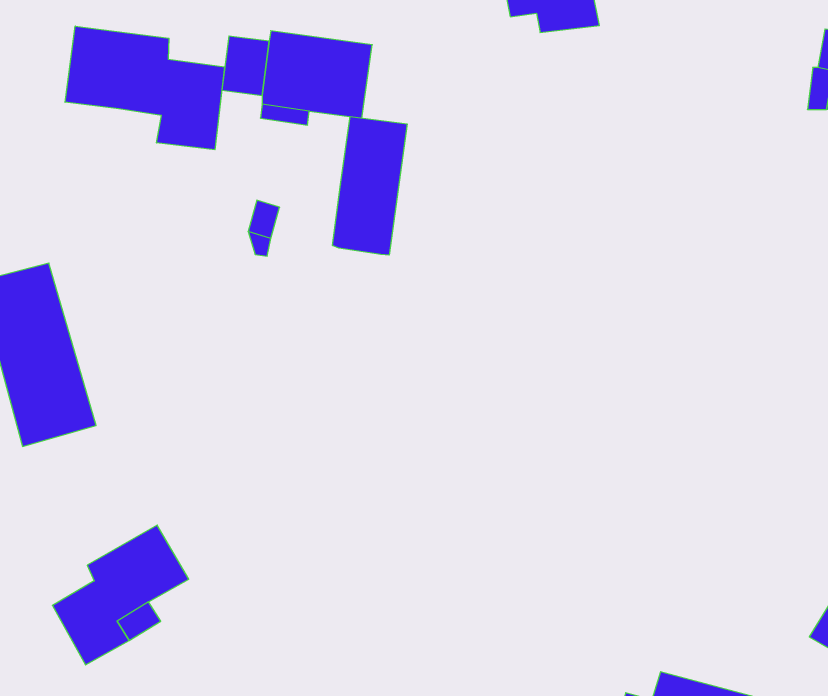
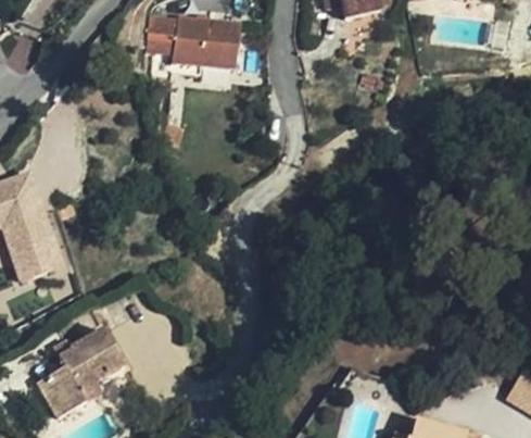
building: [65,26,225,150] -> none
building: [333,117,407,255] -> none

